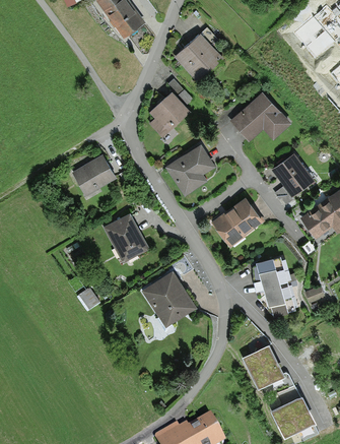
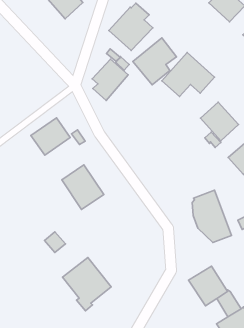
building: [165,142,217,196] -> [133,38,177,85]
building: [212,195,265,246] -> none
building: [142,270,198,332] -> [62,257,111,311]

